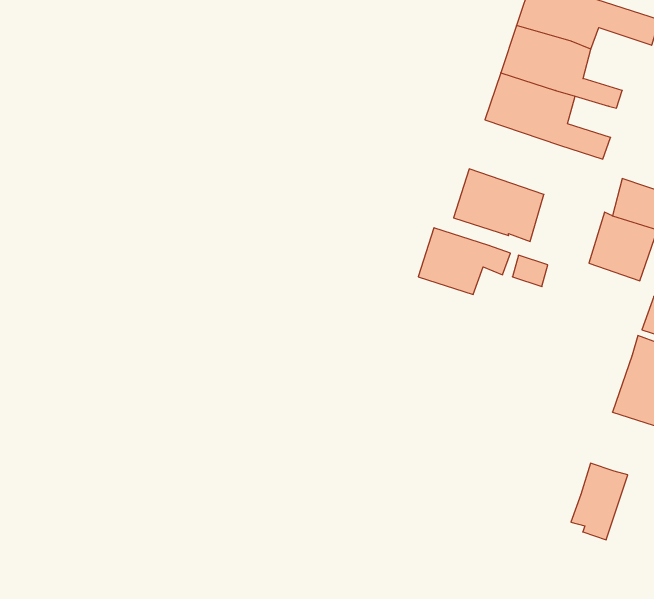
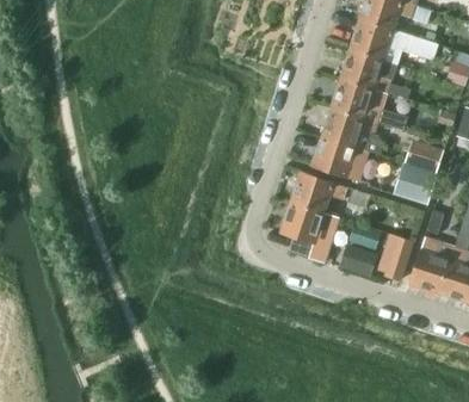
building: none -> [321,106,383,155]
building: none -> [280,202,338,262]
building: none -> [340,246,376,277]
building: [571,463,628,540] -> [378,233,413,279]

